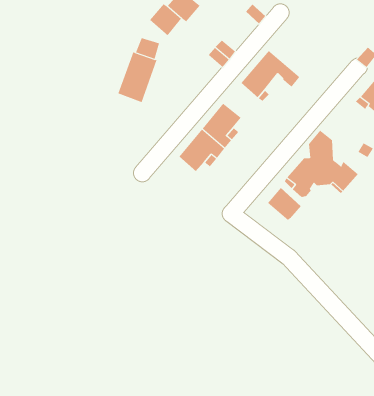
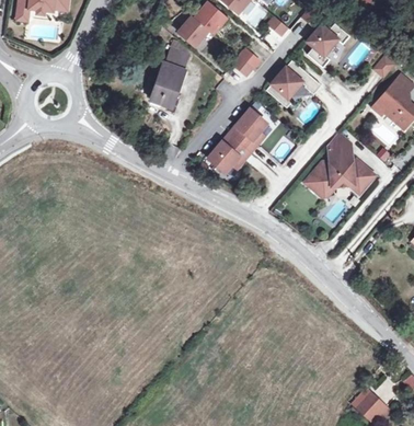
building: none -> [306,23,348,68]
building: [267,187,302,221] -> none

